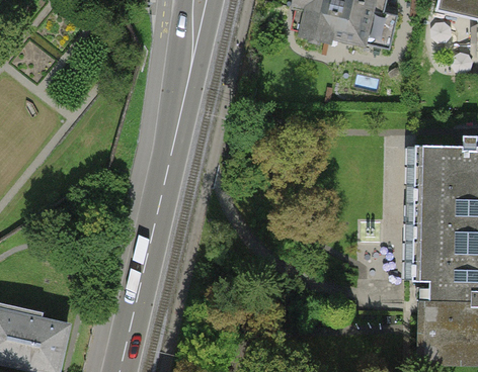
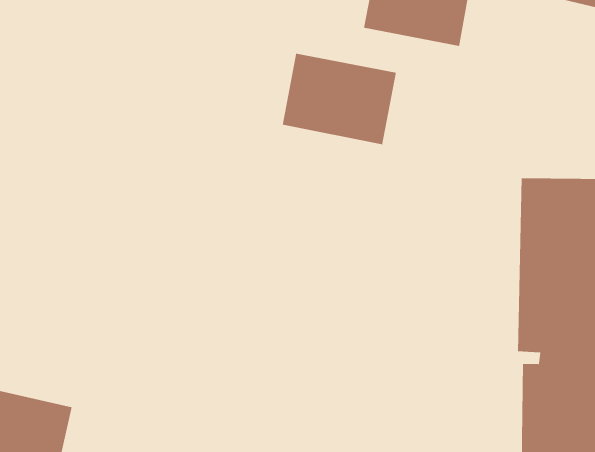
building: none -> [282,53,396,145]

